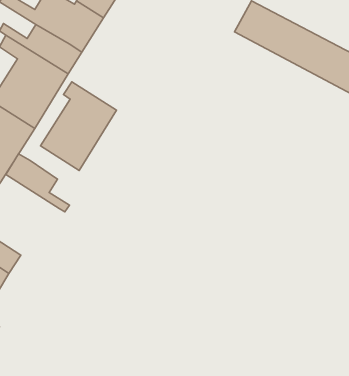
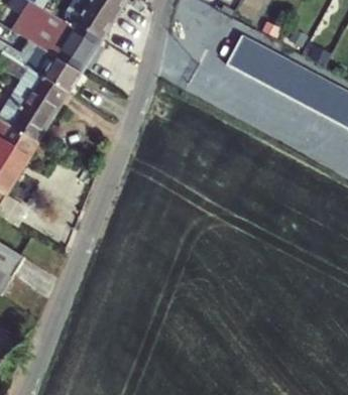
building: [40,82,117,170] -> none
building: [6,154,70,212] -> none

